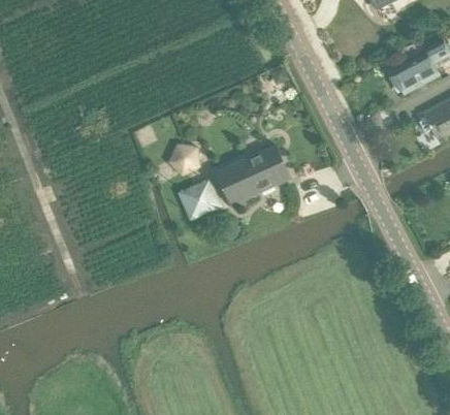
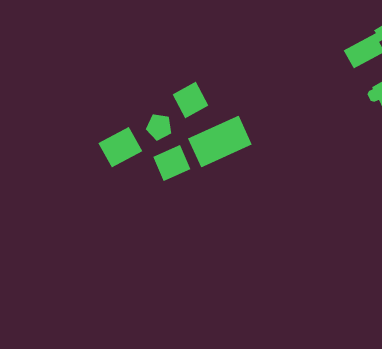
building: none -> [171,81,209,120]
building: none -> [97,126,143,168]

